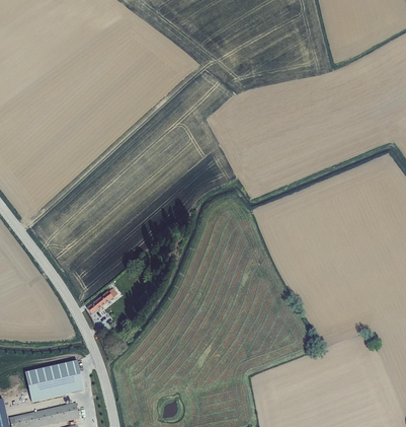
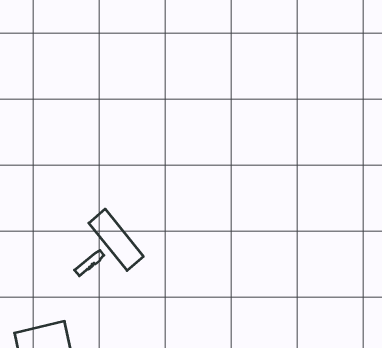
building: none -> [89,209,143,271]

